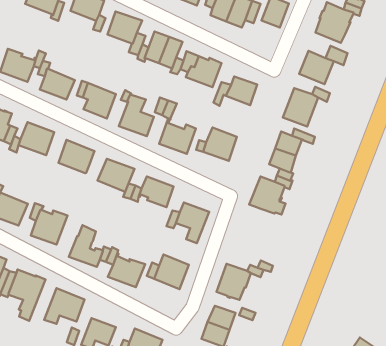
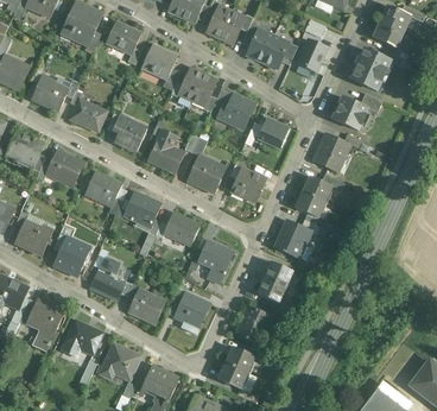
building: none -> [258,261,293,303]

